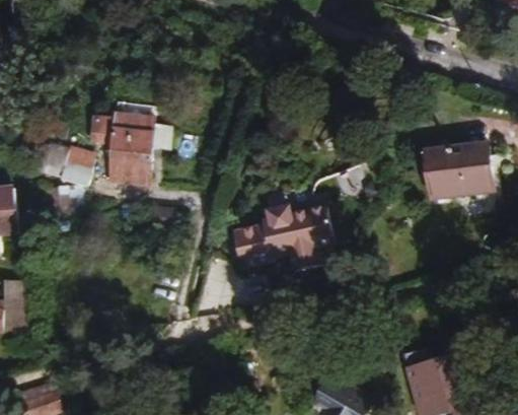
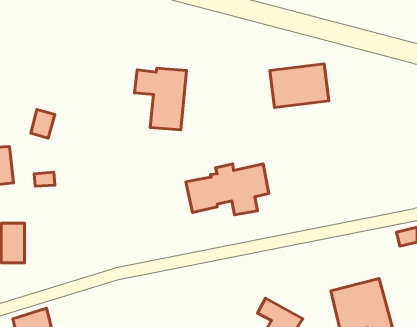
building: [89,107,153,183] -> [135,68,187,130]
building: [422,143,495,197] -> [270,64,329,107]
building: [61,145,96,186] -> none

